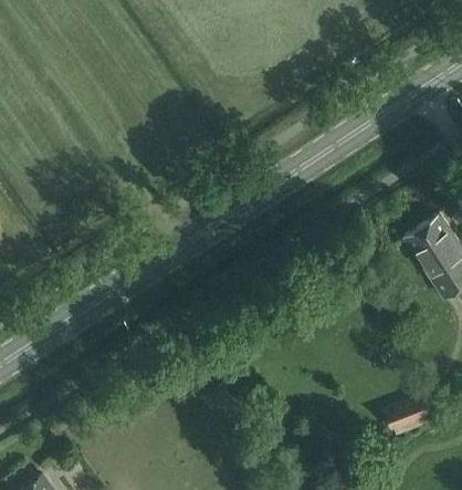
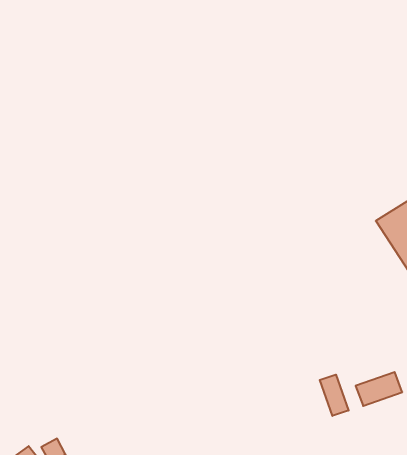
building: none -> [320,375,349,416]

